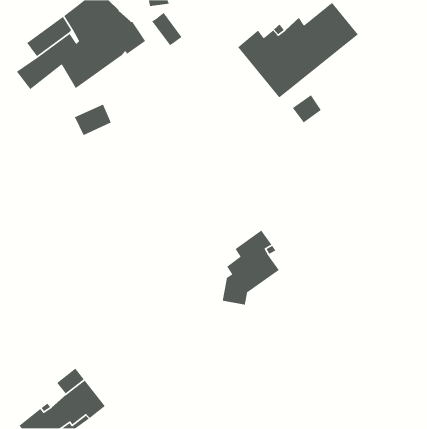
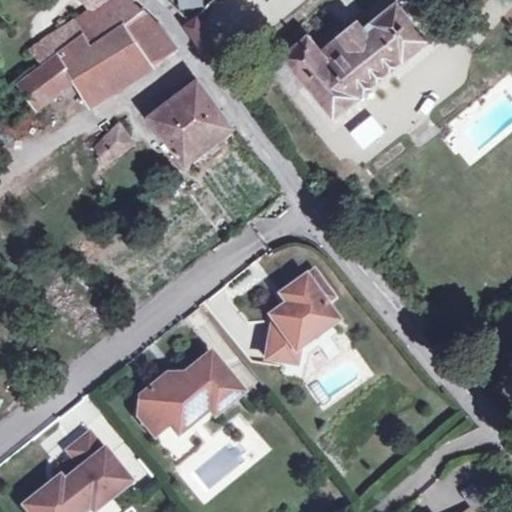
building: none -> [149,81,232,164]
building: none -> [136,355,239,436]

